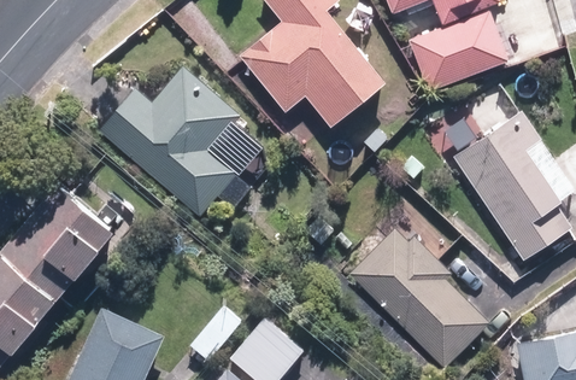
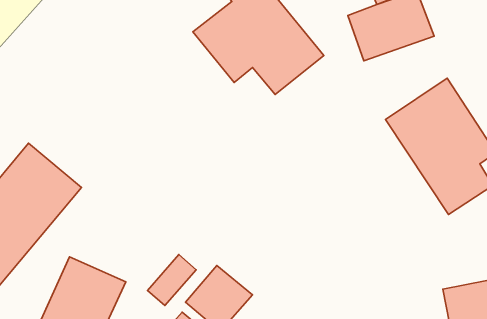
building: [98,66,241,218] -> none
building: [348,228,489,368] -> none

